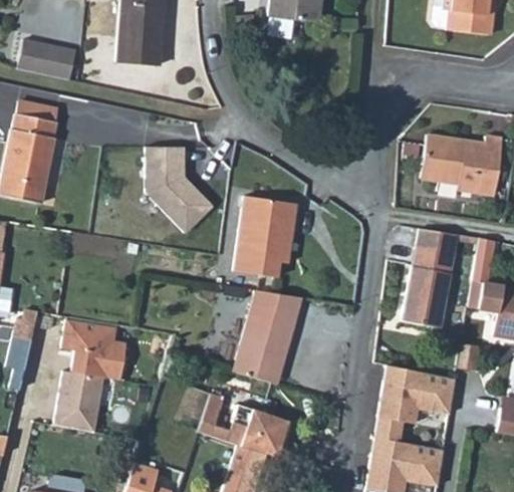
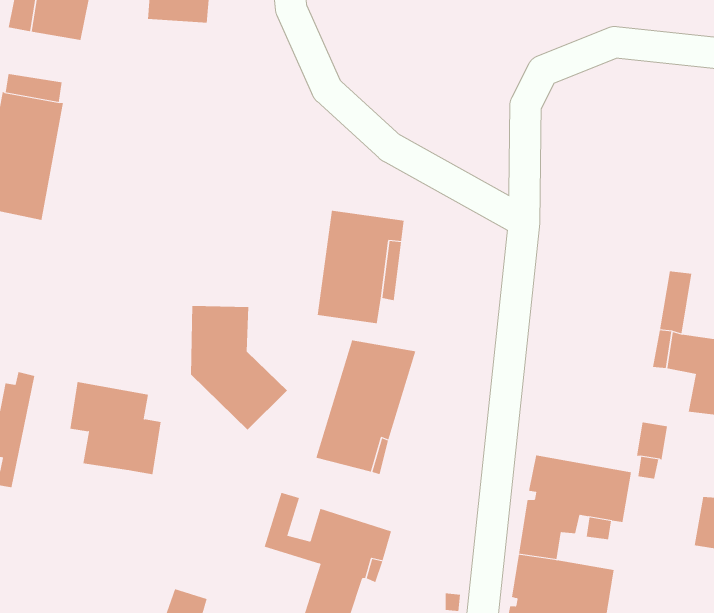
building: [427,134,506,191] -> none
building: [145,147,213,234] -> [190,305,288,431]
building: [403,228,459,328] -> none
building: [54,372,102,433] -> none

